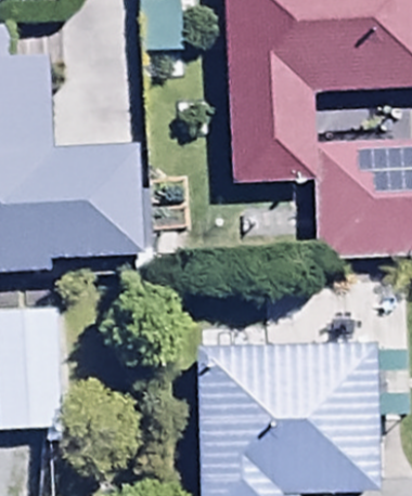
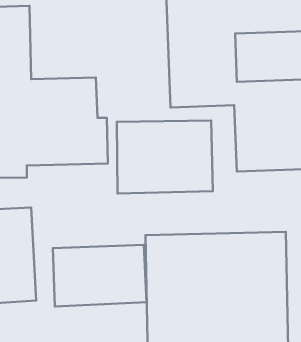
building: none -> [117,121,213,194]
building: none -> [53,245,146,307]

